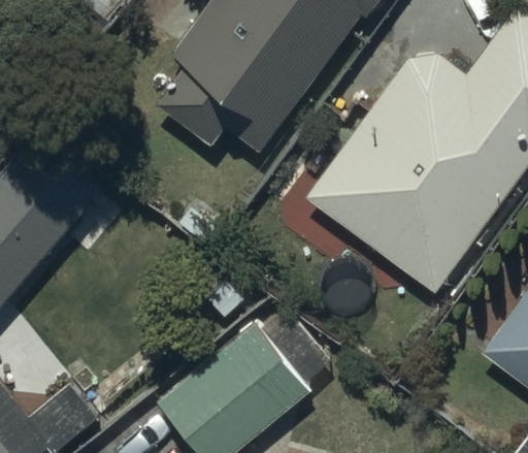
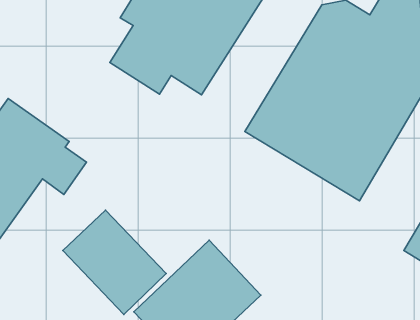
building: none -> [63,210,166,314]

